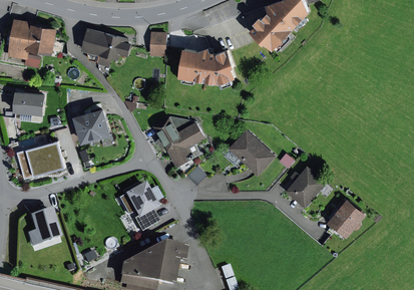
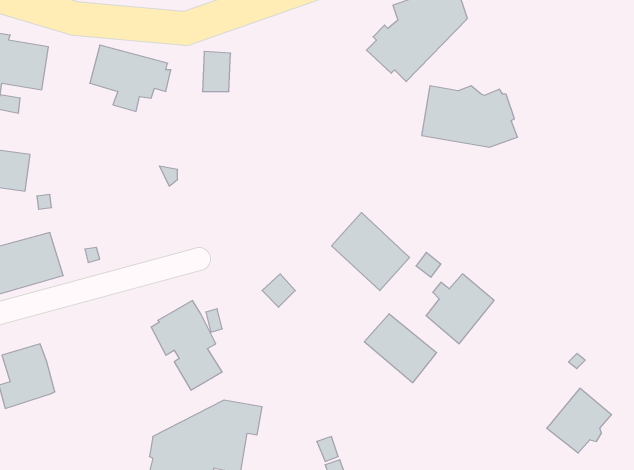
building: [178,47,237,84] -> [422,86,518,147]
building: [73,108,111,144] -> none
building: [152,117,205,169] -> none
building: none -> [364,314,437,383]
building: [327,199,366,238] -> [547,388,611,453]

